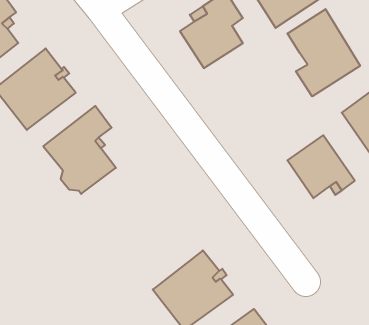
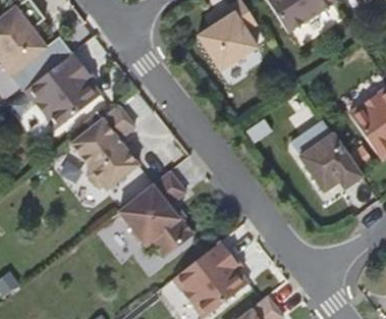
building: [287,9,360,96] -> none
building: none -> [118,171,192,258]

